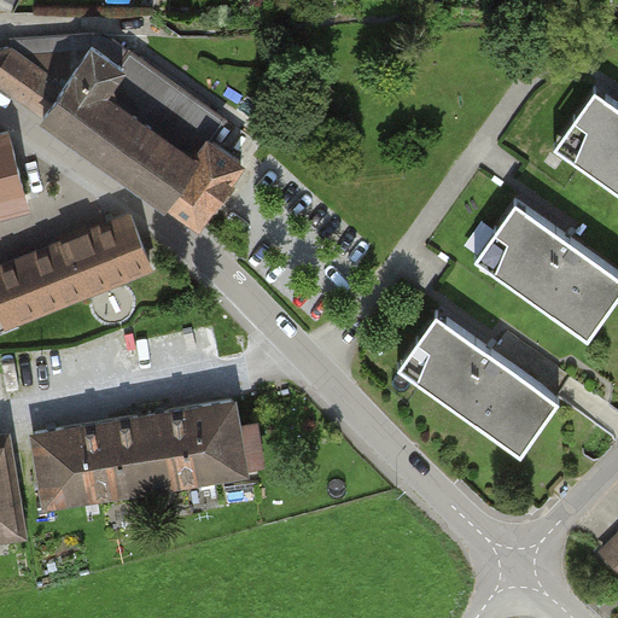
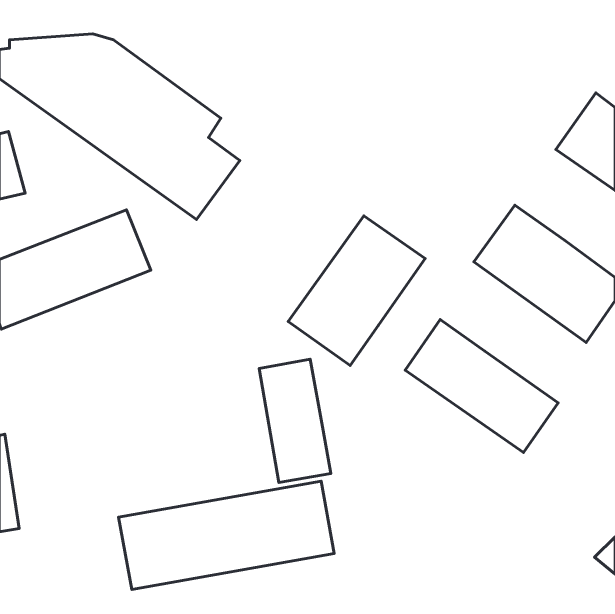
building: none -> [288,216,425,366]
building: none -> [259,359,331,483]
building: [30,402,246,511] -> [118,481,334,590]

